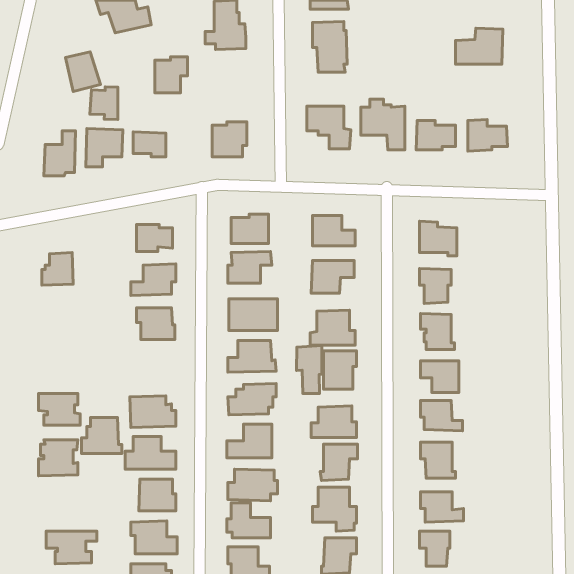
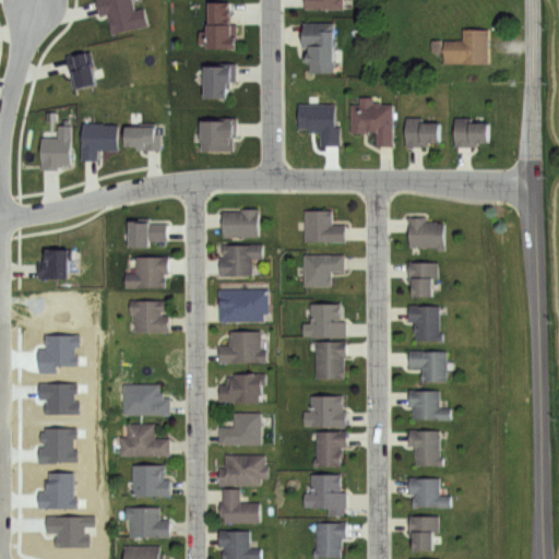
building: [155,57,187,93] -> [203,64,235,99]
building: [90,87,118,119] -> none
building: none -> [37,335,79,373]
building: [297,345,322,394] -> none
building: [81,417,122,454] -> [37,473,76,508]

